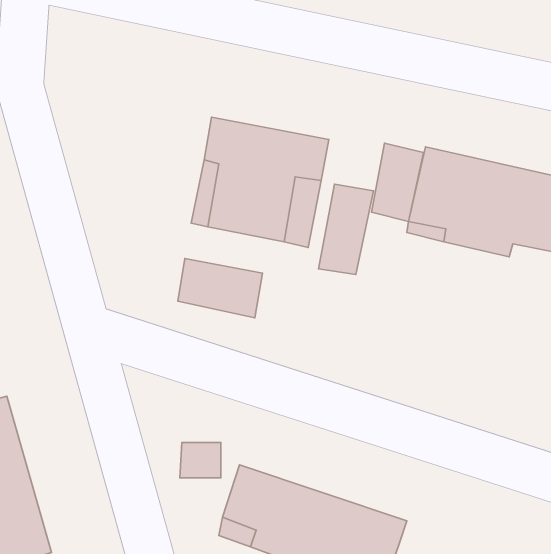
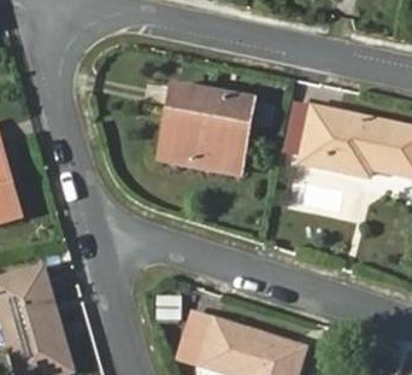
building: [318,184,374,274] -> none
building: [178,259,262,318] -> none

